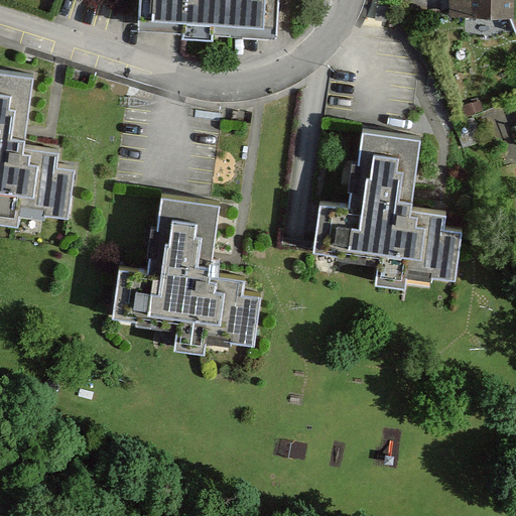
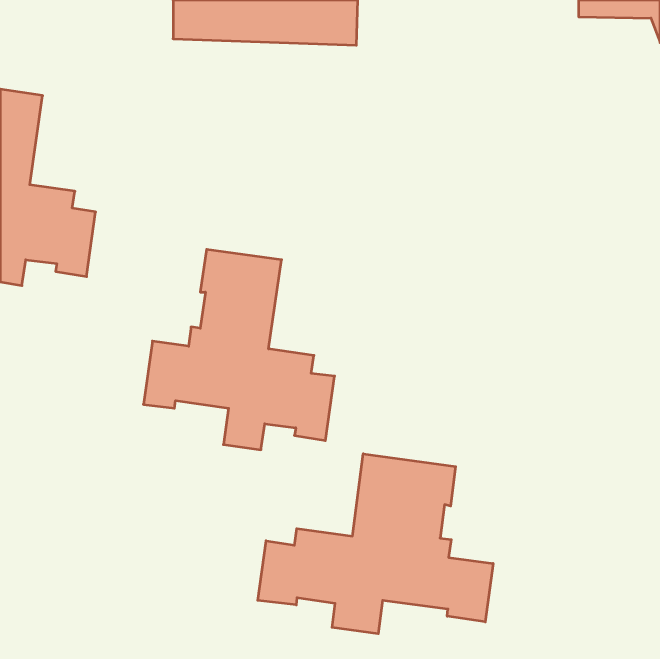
building: [313,129,463,286] -> none
building: none -> [258,454,493,634]

